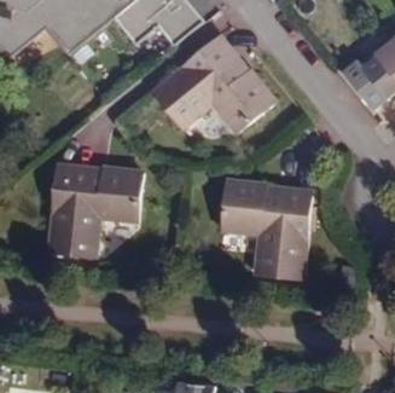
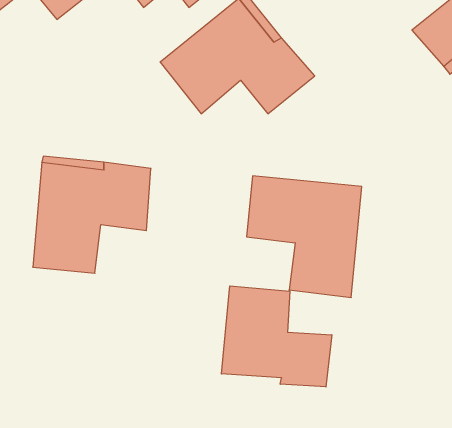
building: none -> [221,286,332,387]

